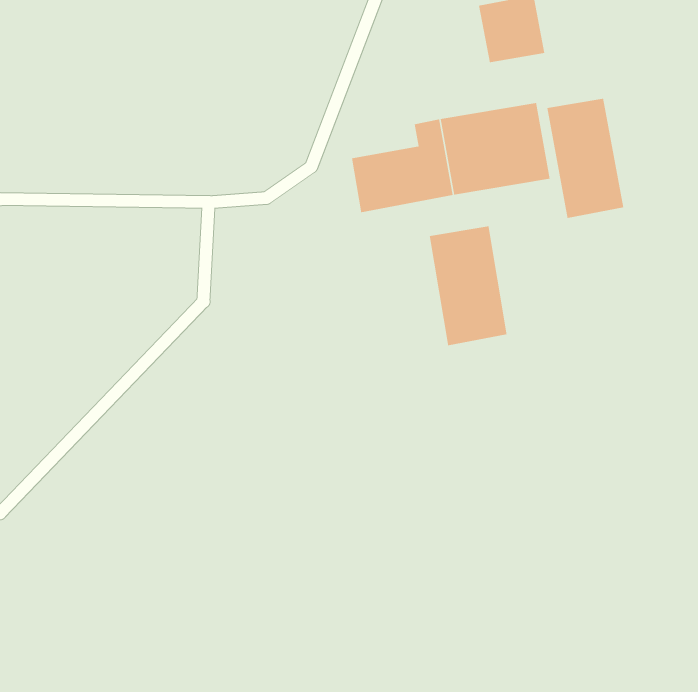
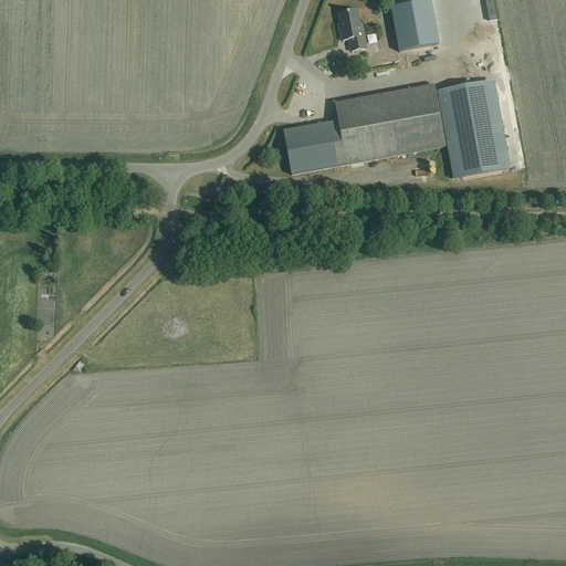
building: none -> [339,8,366,49]
building: [429,226,507,346] -> none

